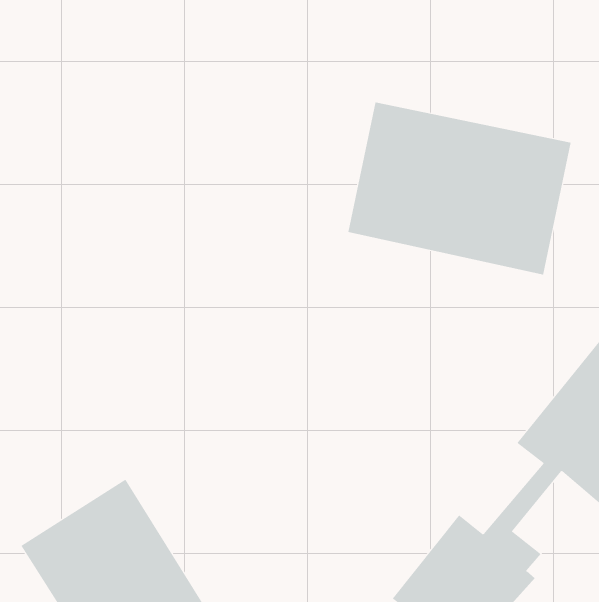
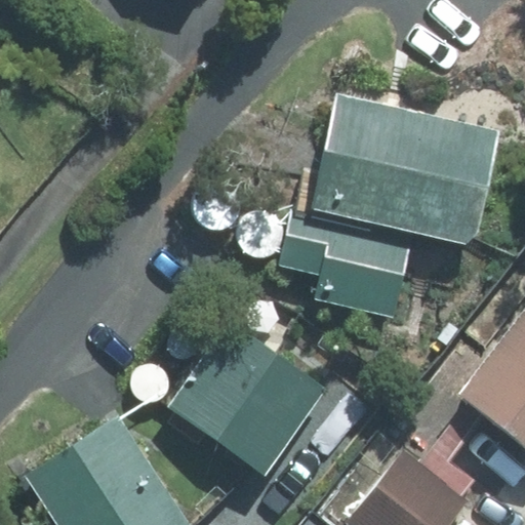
building: none -> [278,213,414,317]
building: none -> [169,326,324,478]

